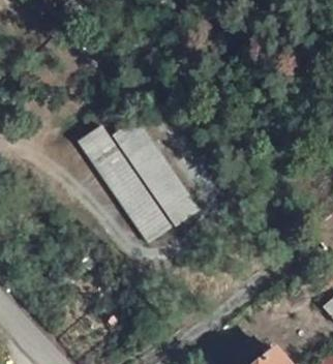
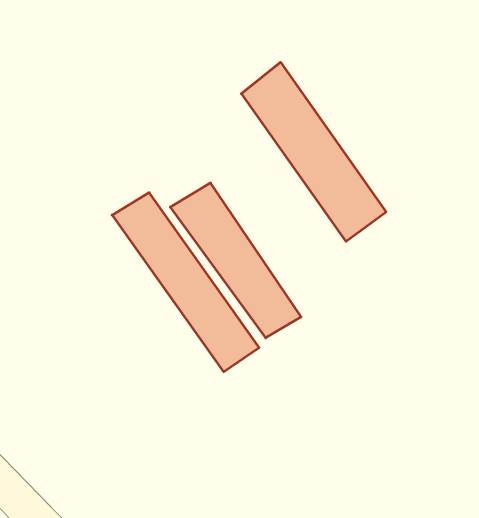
building: none -> [241,62,386,241]

